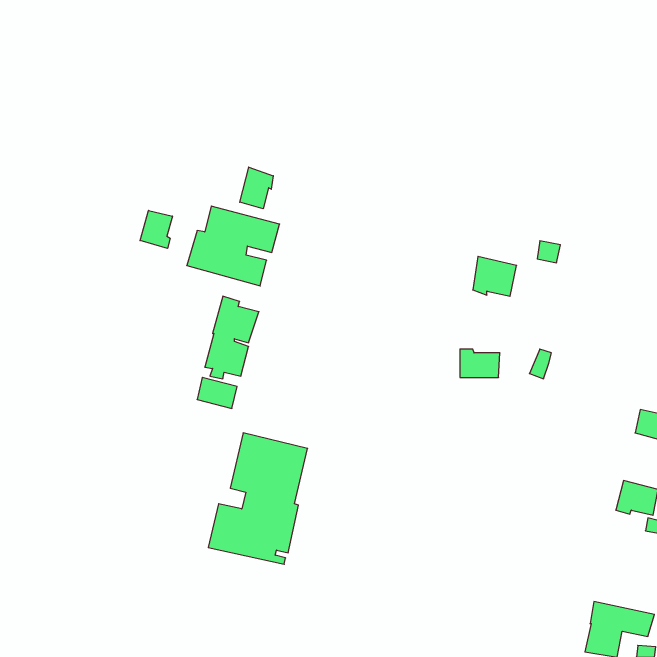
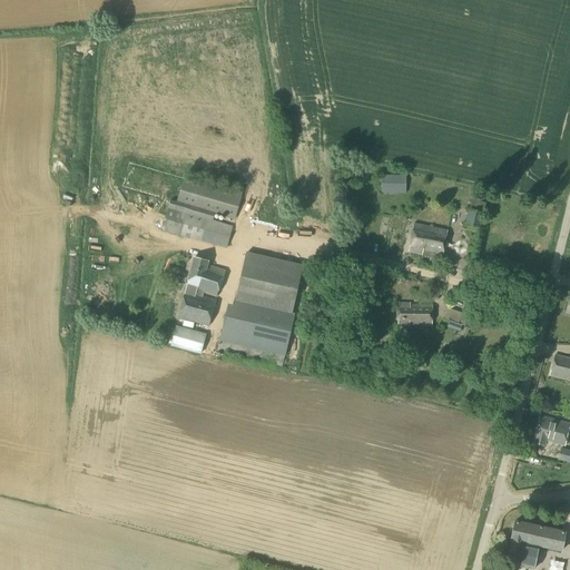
building: [240,167,273,209] -> none
building: none -> [382,174,406,194]
building: [140,210,172,248] -> none
building: [208,433,308,564] -> [217,252,303,365]

